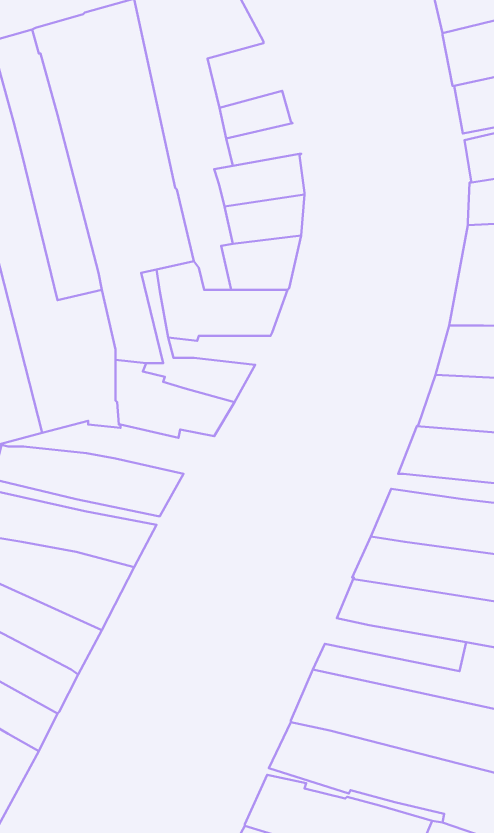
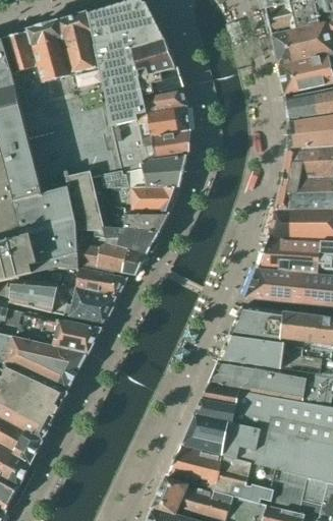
building: none -> [130,40,175,78]
building: none -> [142,88,185,113]
building: none -> [107,215,168,232]
building: none -> [20,266,125,297]
building: none -> [201,384,285,415]

